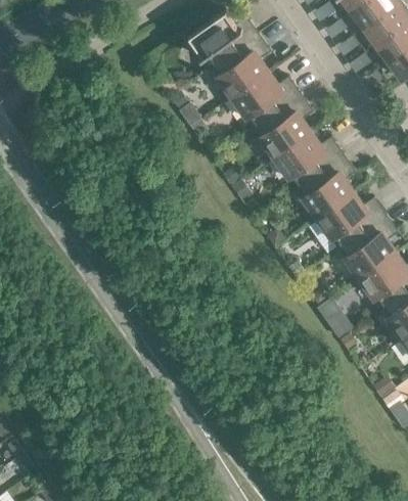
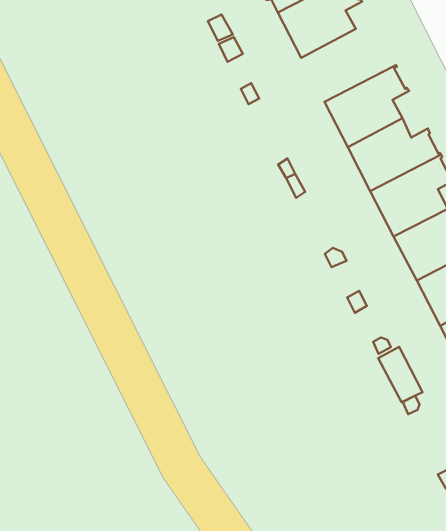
building: [232,74,302,130] -> none

